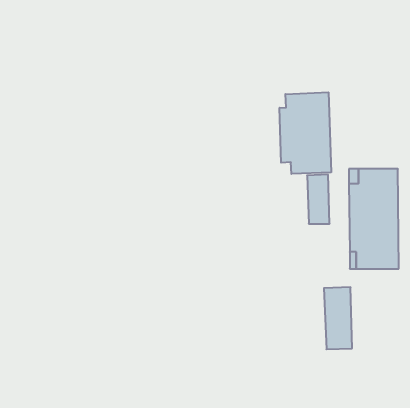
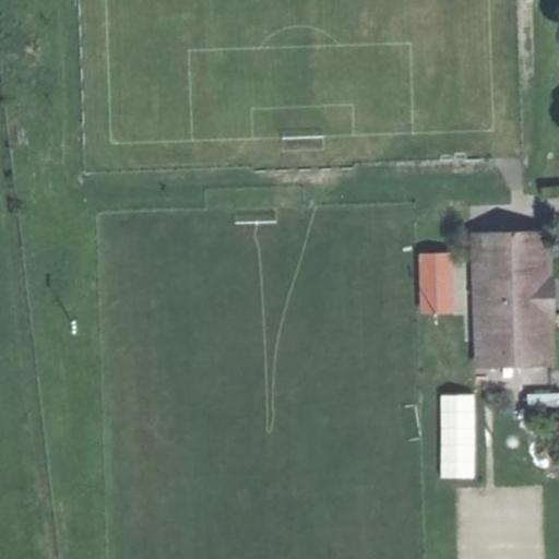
building: [280,92,331,174] -> none

